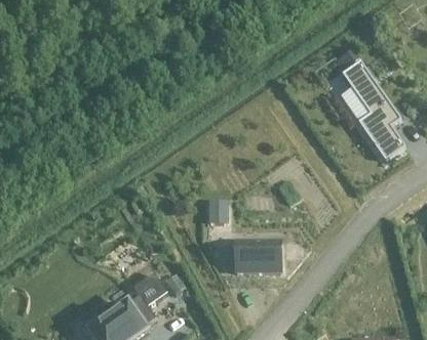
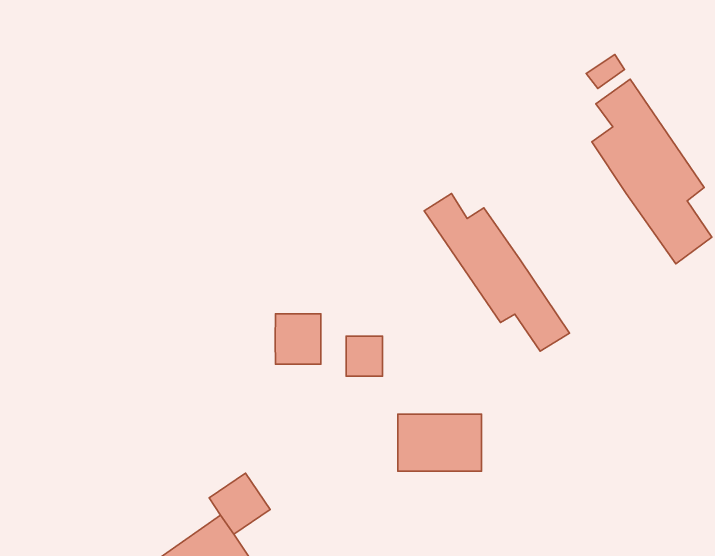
building: none -> [424,194,570,351]
building: none -> [275,314,321,364]

